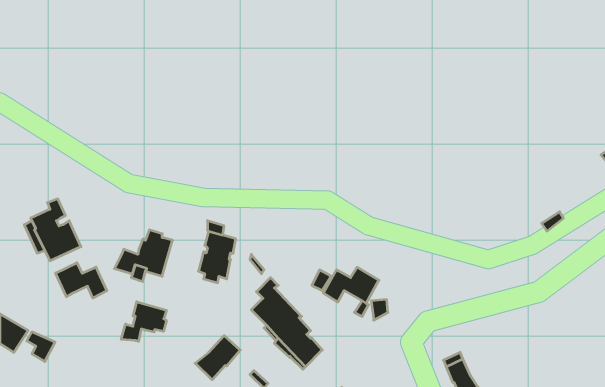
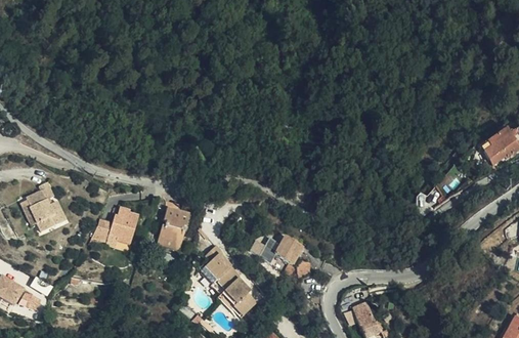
building: [56,263,107,298] -> none
building: [121,302,166,341] -> none
building: [195,336,240,380] -> none

